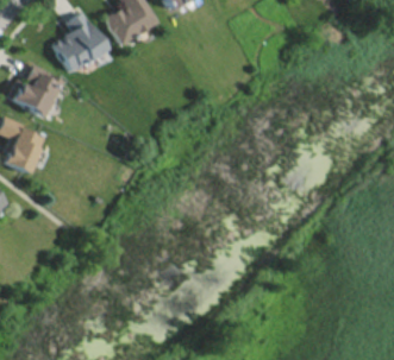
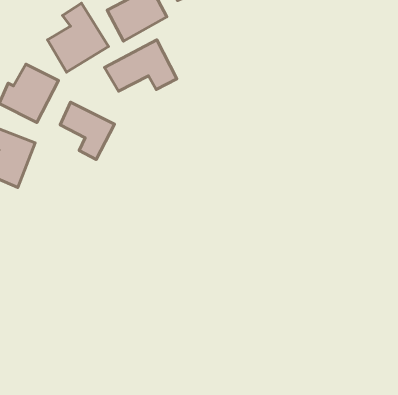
building: none -> [105,40,177,91]
building: none -> [60,102,114,159]

